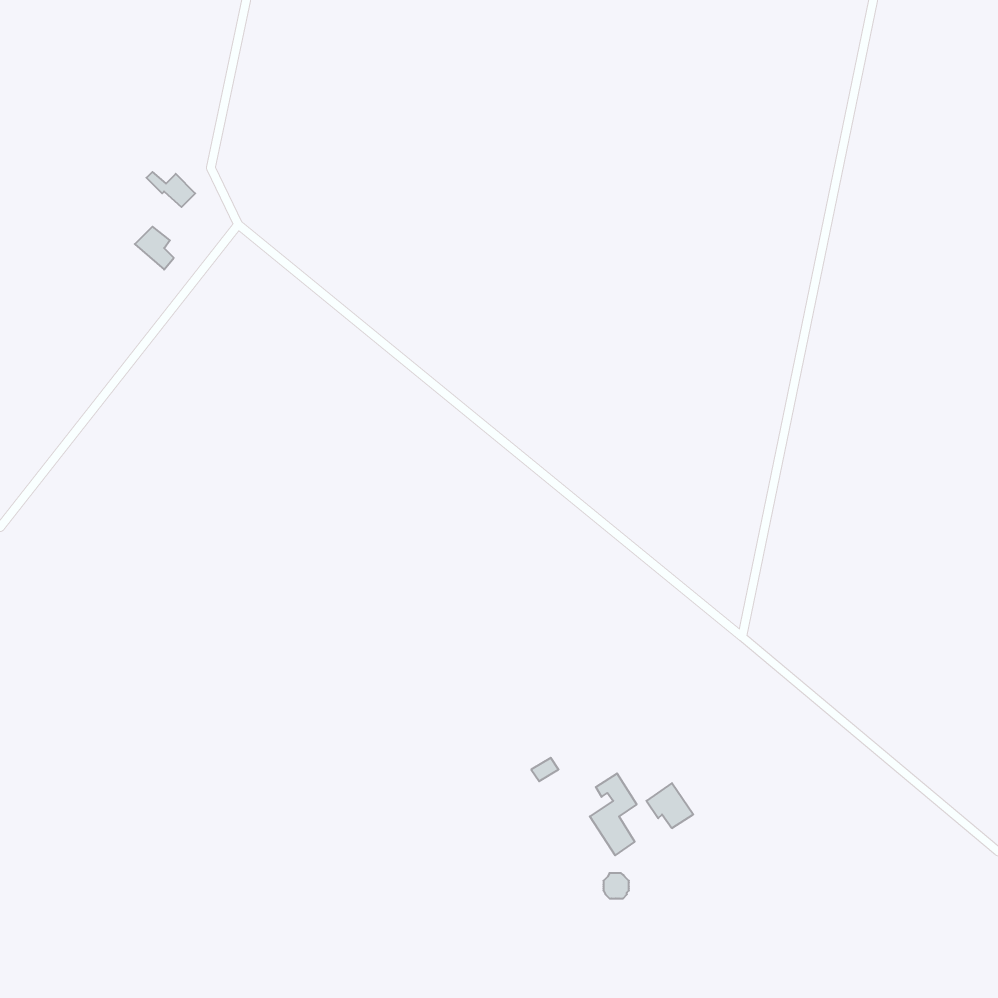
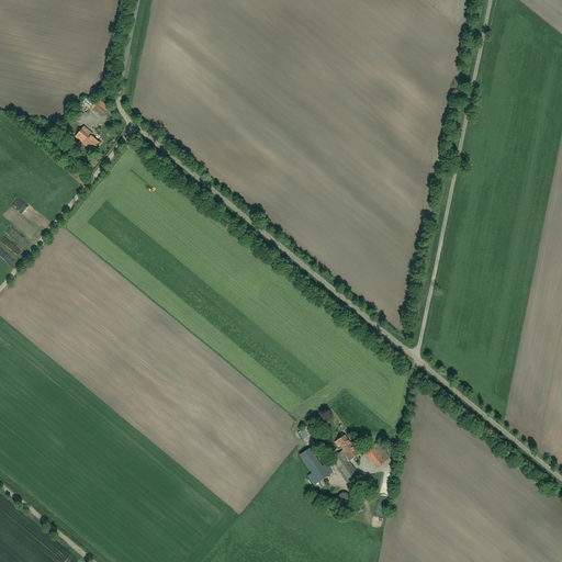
building: none -> [301,449,334,485]

